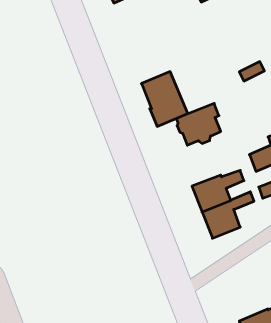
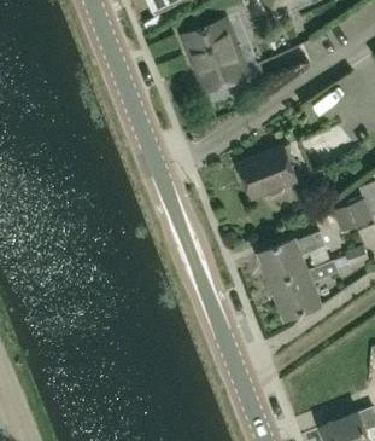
building: [141,72,188,126] -> [186,19,246,91]

